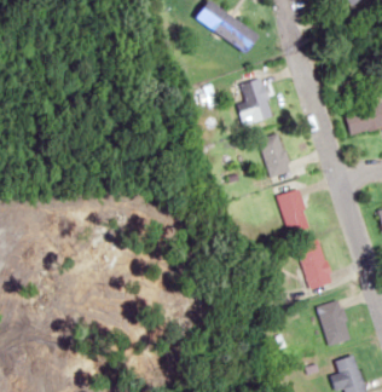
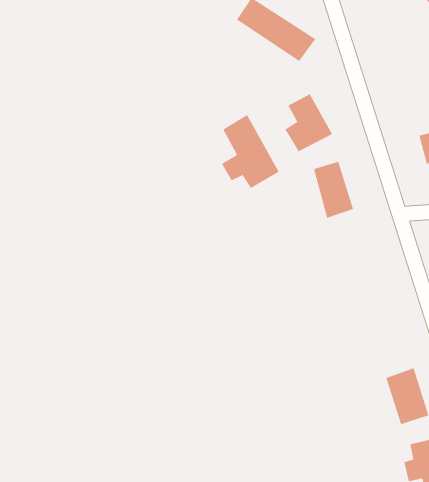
building: none -> [221,114,280,189]
building: [277,189,309,234] -> none
building: [297,244,334,290] -> none

